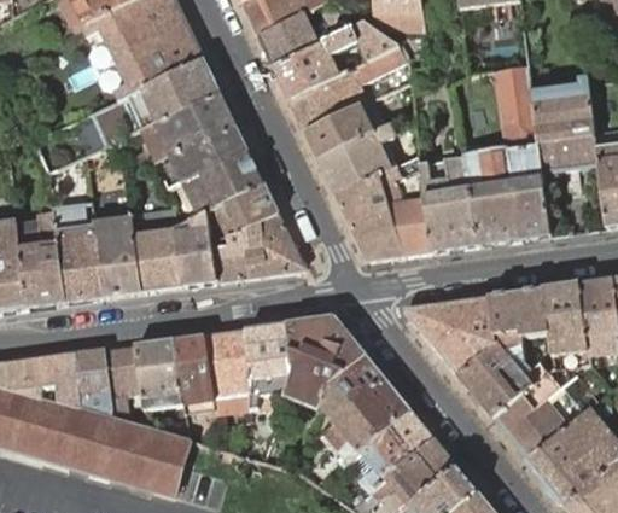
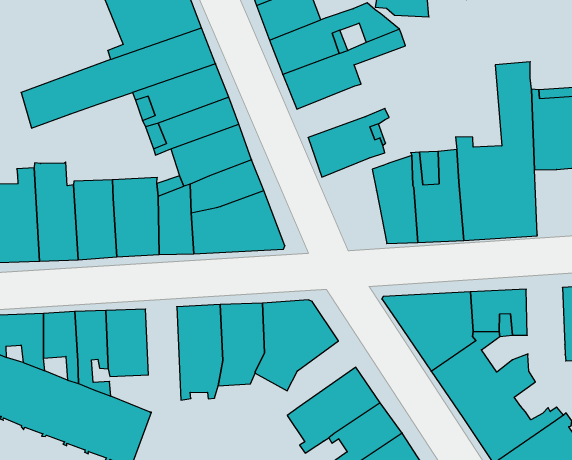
building: [304,80,412,158] -> none
building: [334,167,403,260] -> none
building: [543,282,589,363] -> none
building: [174,334,216,426] -> none
building: [319,354,384,421] -> none

